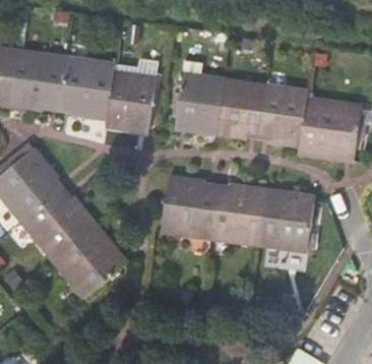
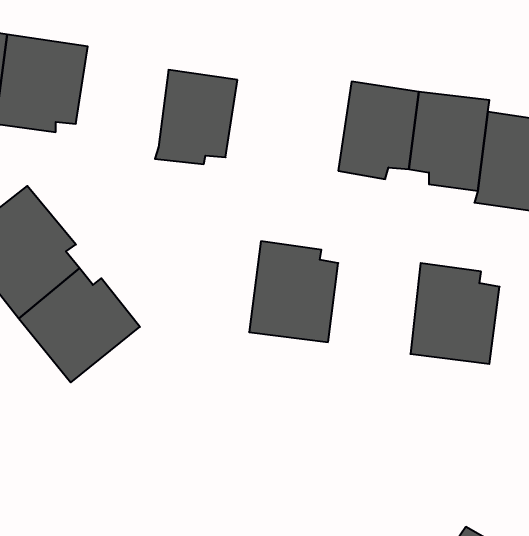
building: [60,59,117,120] -> none
building: [178,62,227,134] -> none
building: [212,185,268,245] -> none
building: [57,229,124,301] -> none

